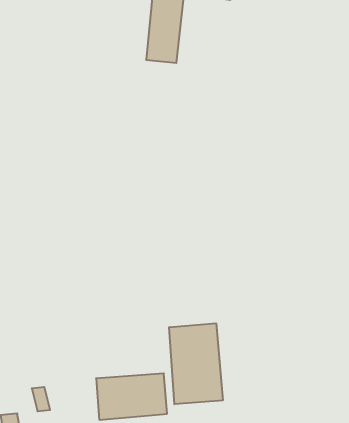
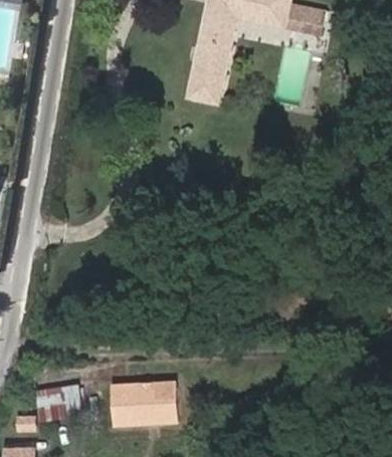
building: [169,323,223,404] -> none

